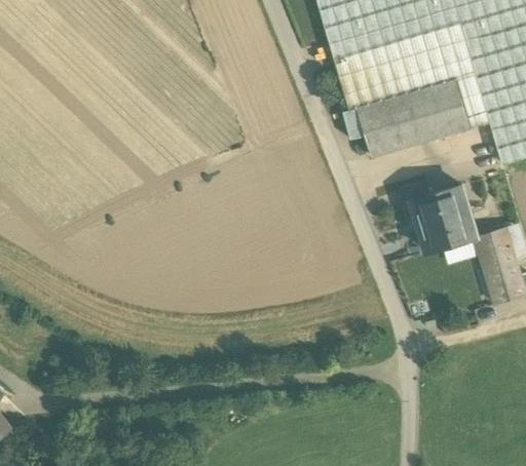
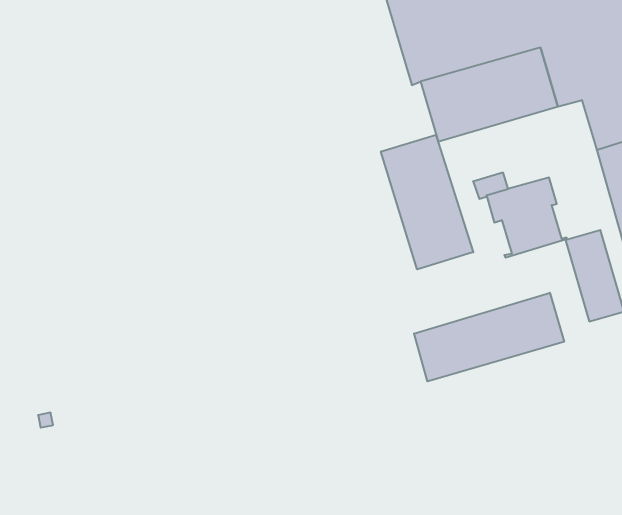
building: none -> [381,135,473,269]
building: none -> [414,293,564,381]

